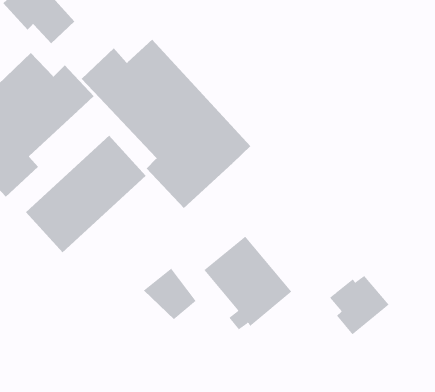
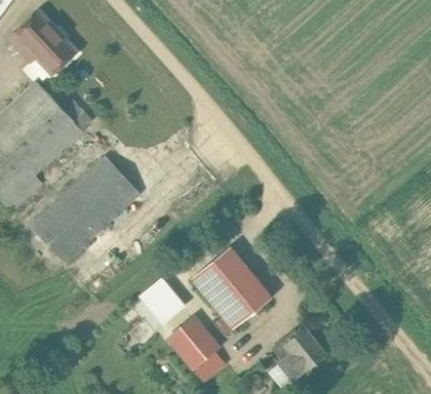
building: [81,39,251,209] -> none
building: [329,275,390,335] -> [272,327,326,382]
building: none -> [168,317,227,383]

